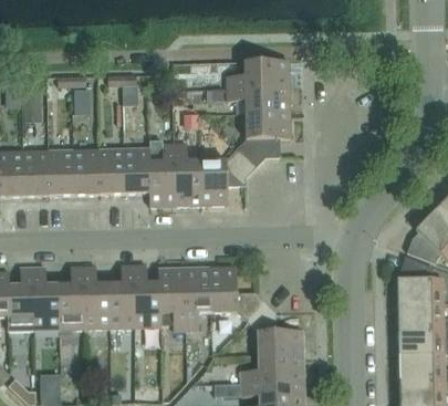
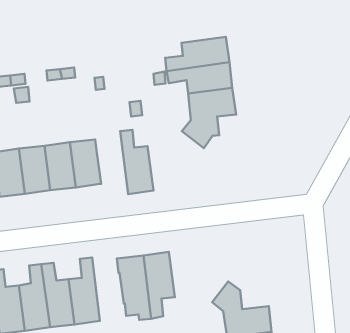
building: [149,140,176,207] -> none
building: [200,149,256,205] -> none
building: [134,264,162,327] -> none
building: [210,267,265,321] -> none

